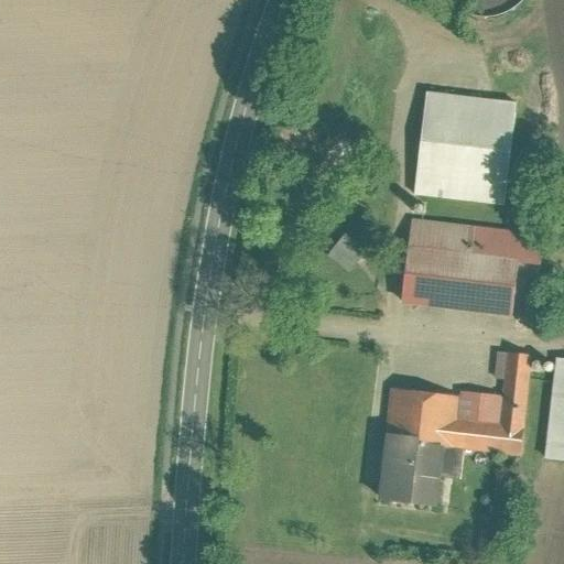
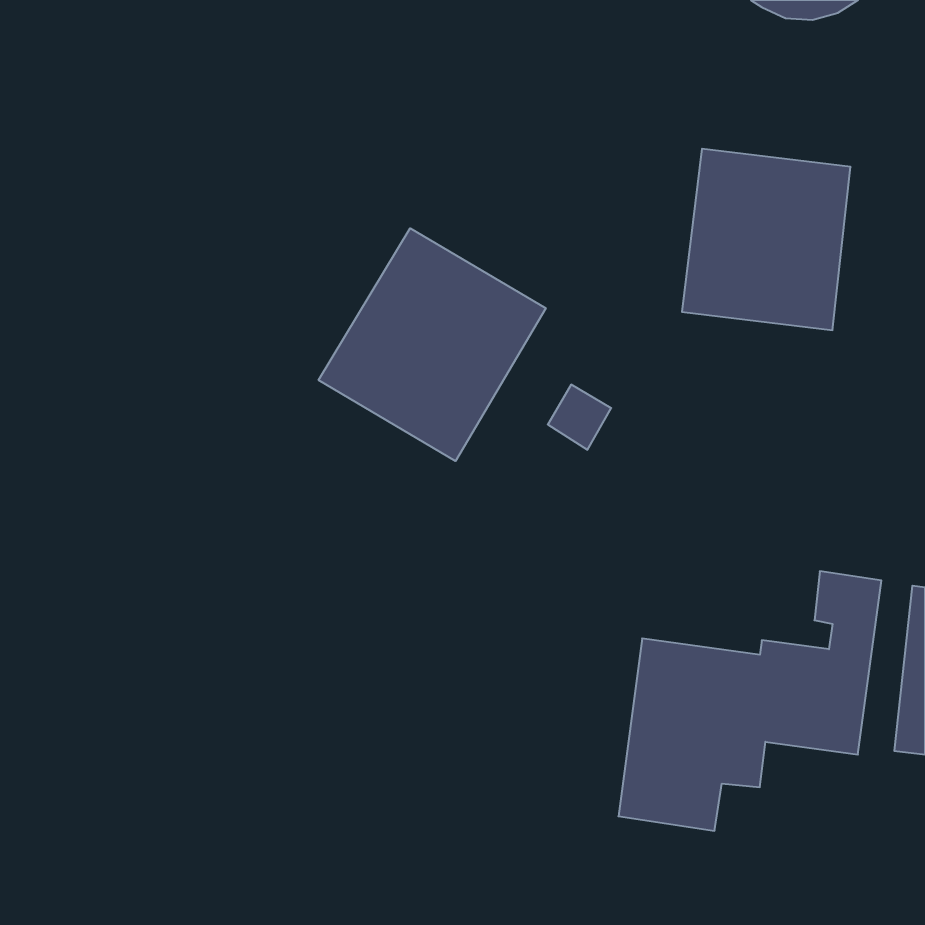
building: none -> [319,228,546,461]
building: [403,216,544,314] -> none

